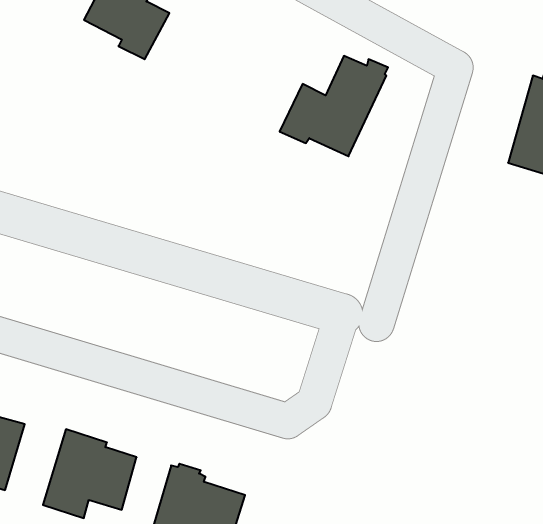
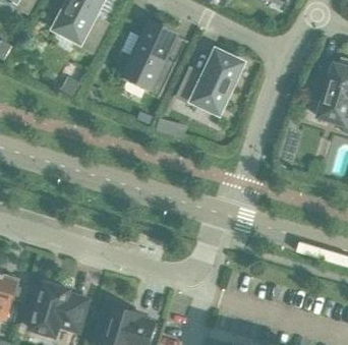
building: none -> [122,23,175,97]

